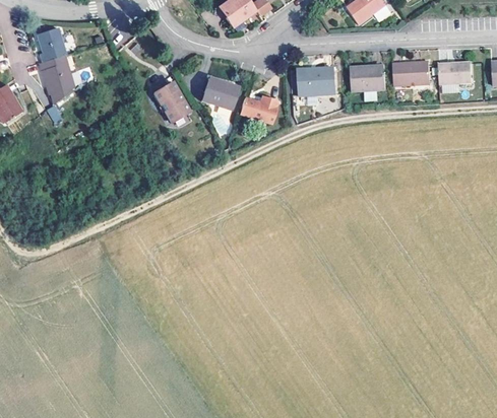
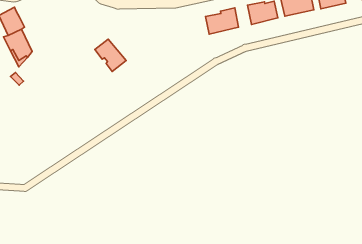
building: [201,77,237,110] -> none
building: [239,95,276,122] -> none

